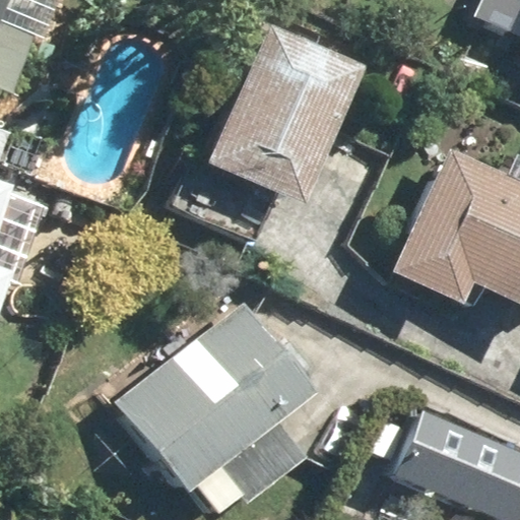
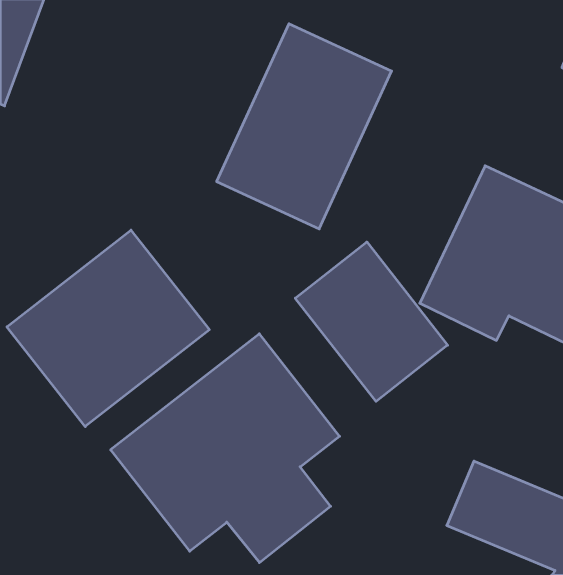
building: none -> [7,230,209,427]
building: none -> [295,242,448,401]

